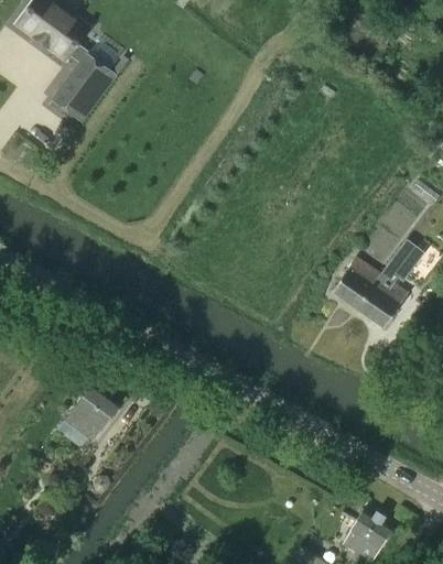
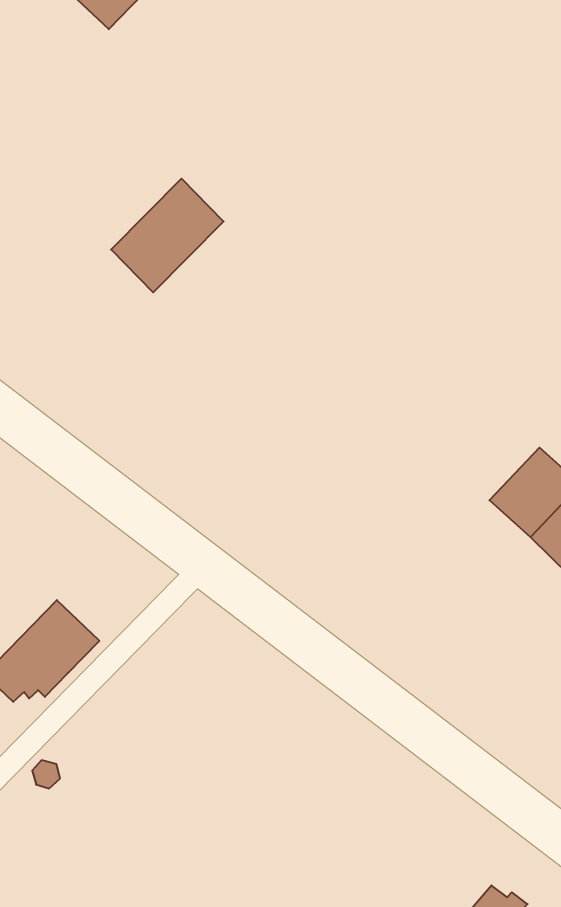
building: [52,54,114,121] -> [111,179,224,292]

